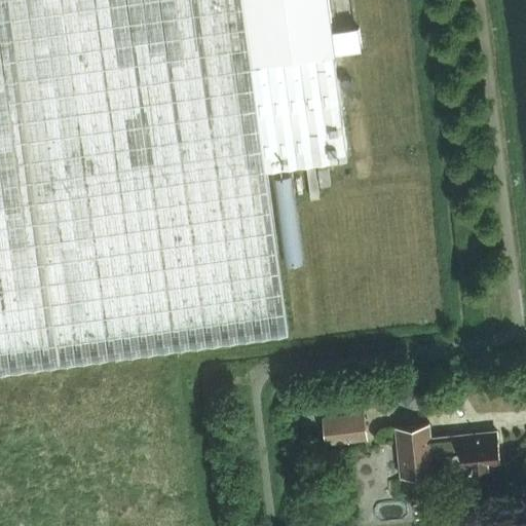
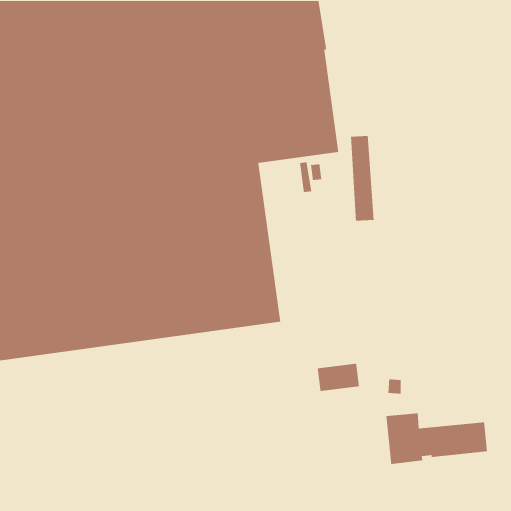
building: [275,174,300,262] -> [350,135,374,221]
building: [322,414,366,444] -> [317,363,360,392]

